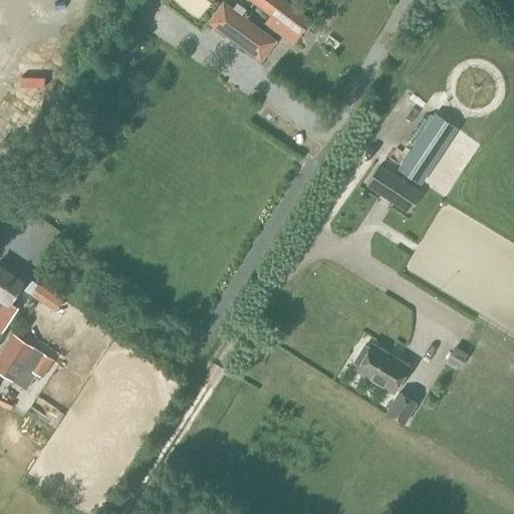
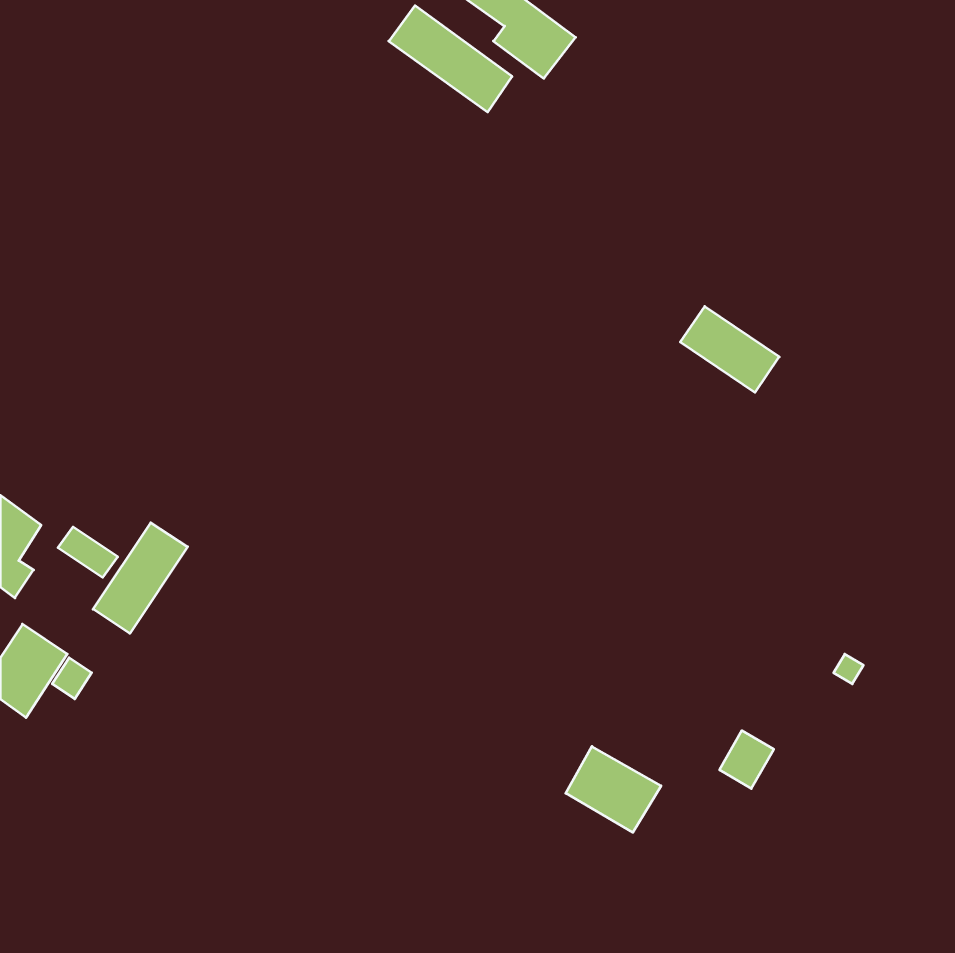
building: [398,113,456,183] -> none
building: none -> [93,523,188,633]
building: [357,344,409,391] -> [566,746,661,832]

